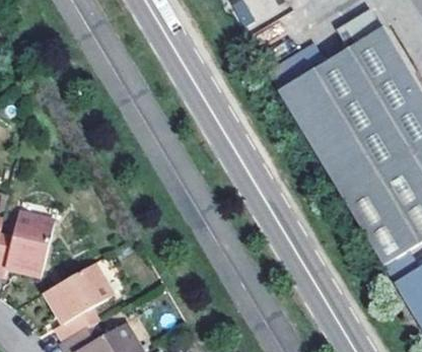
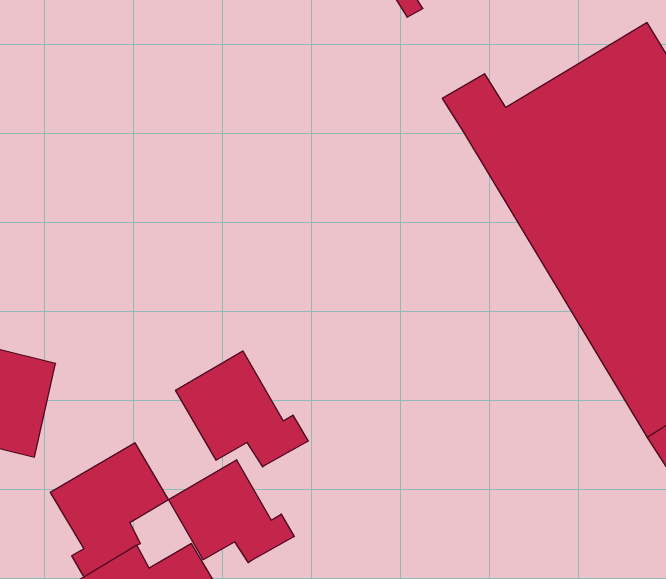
building: none -> [176,351,308,467]
building: none -> [169,460,294,563]

